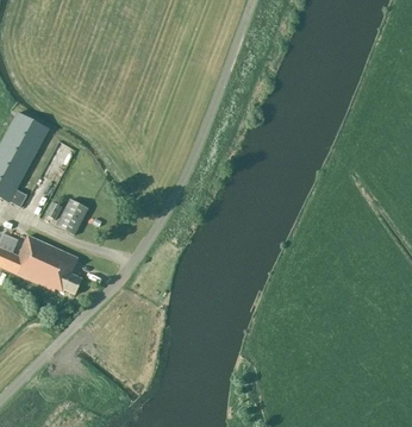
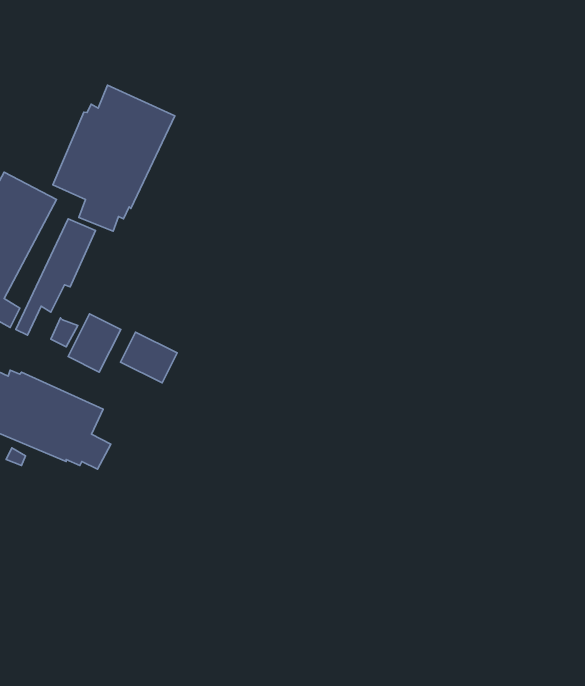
building: none -> [53,85,175,231]
building: none -> [121,332,177,383]

